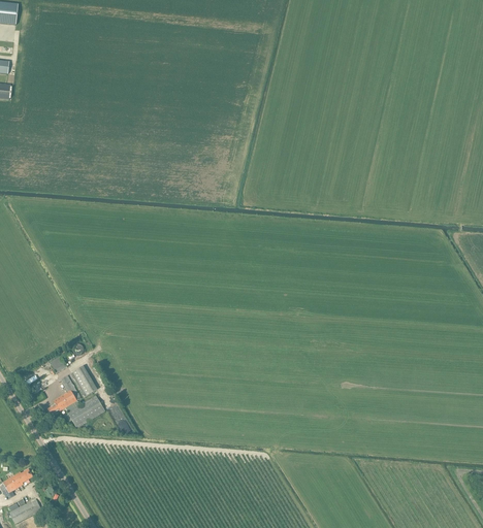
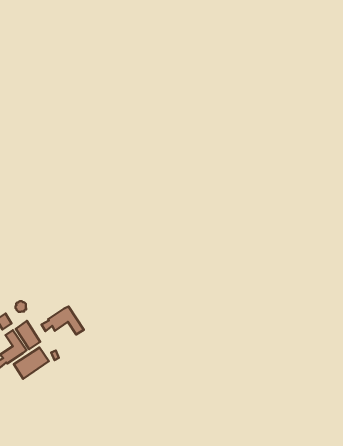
building: none -> [41,307,84,335]

